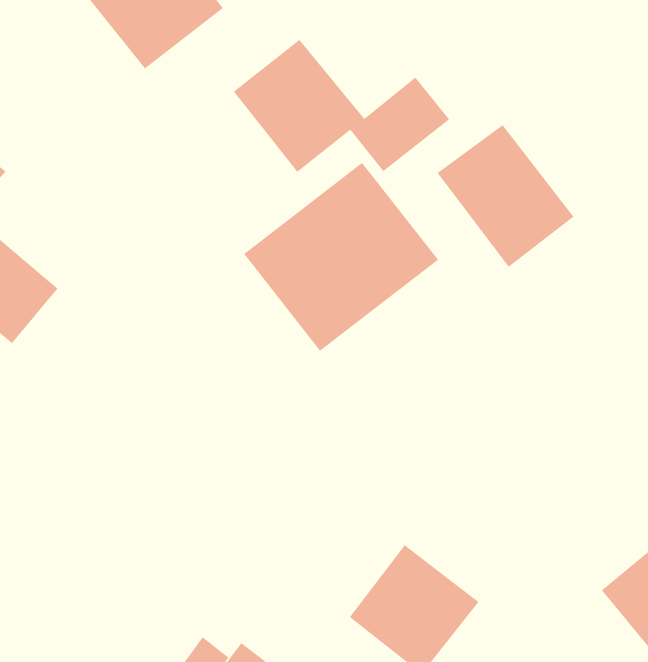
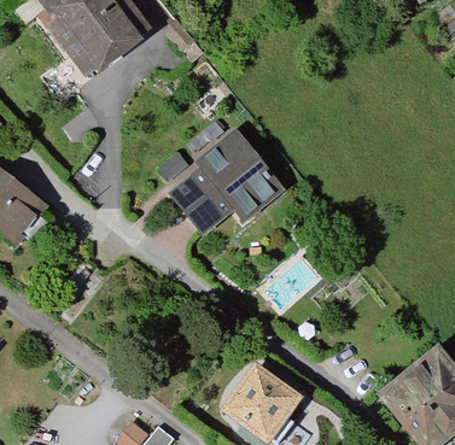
building: [233,39,450,173] -> none
building: [436,124,575,268] -> none

